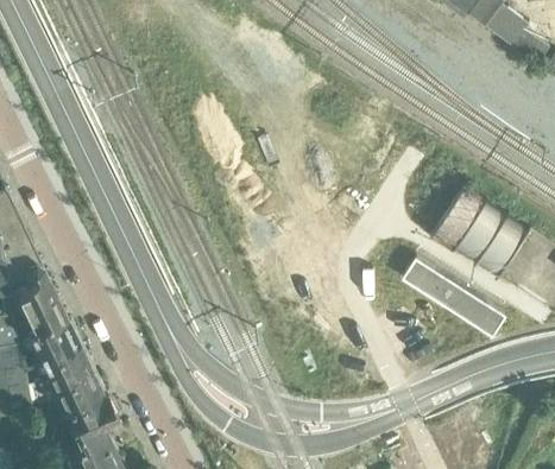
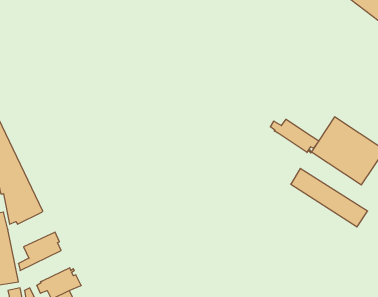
building: none -> [270,119,319,153]
building: [19,315,81,362] -> none
building: [33,367,102,410] -> none

